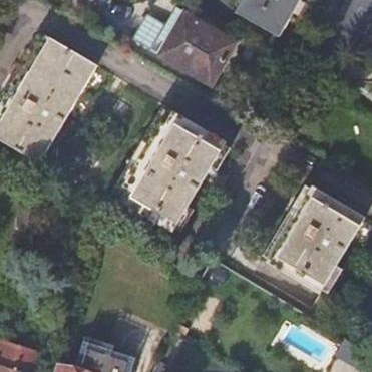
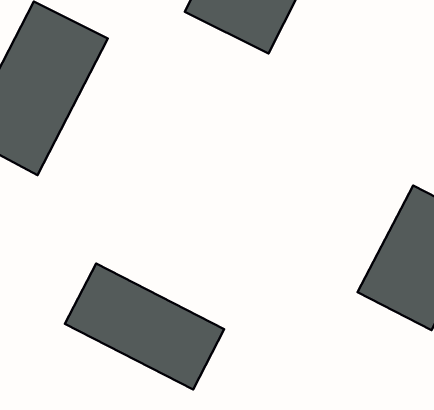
building: [122,110,227,230] -> none
building: none -> [65,264,224,390]

